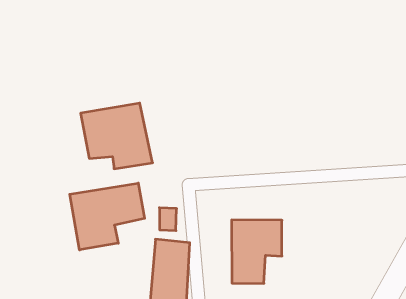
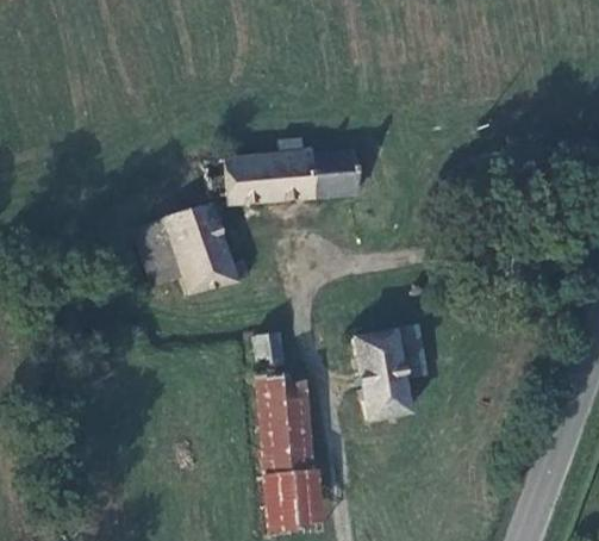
building: none -> [210,135,357,201]
building: [70,183,145,250] -> none

